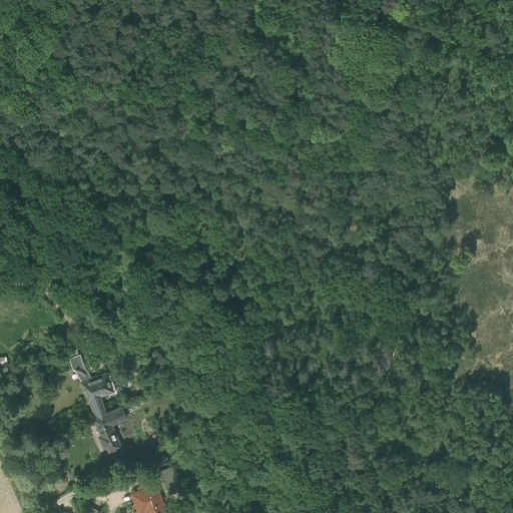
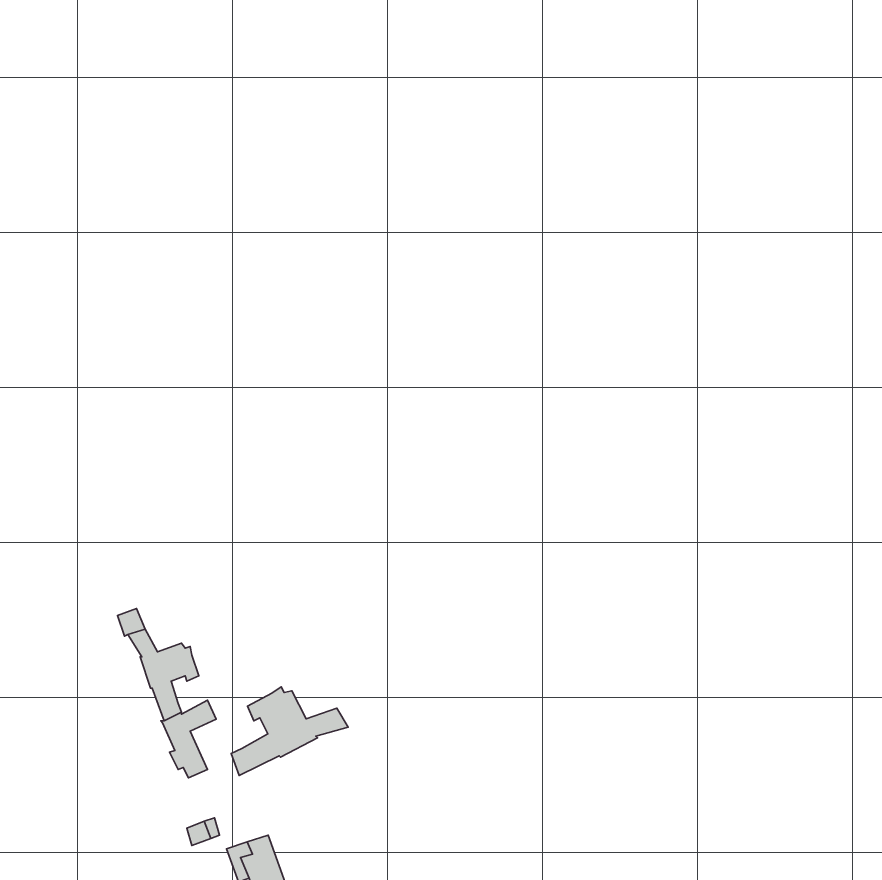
building: none -> [231,687,348,776]

